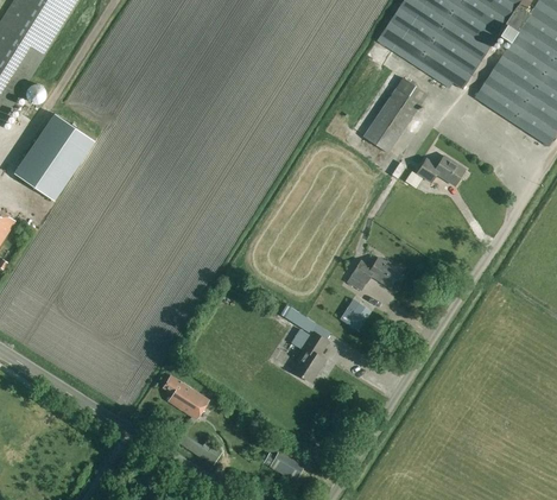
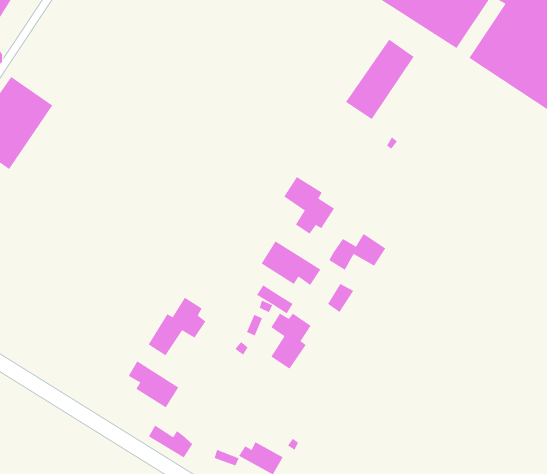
building: [416,157,466,186] -> none
building: none -> [284,176,335,235]
building: none -> [261,241,321,286]
building: none -> [148,297,206,356]

